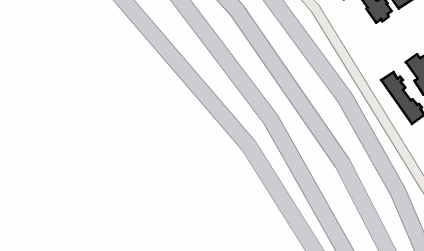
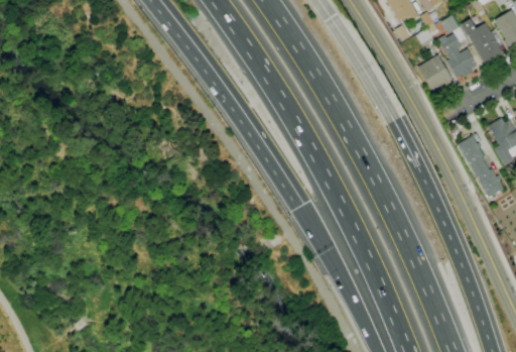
building: none -> [418,54,454,91]

